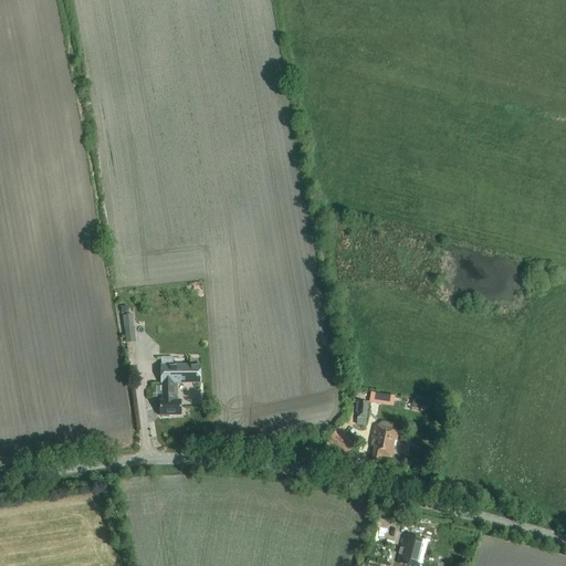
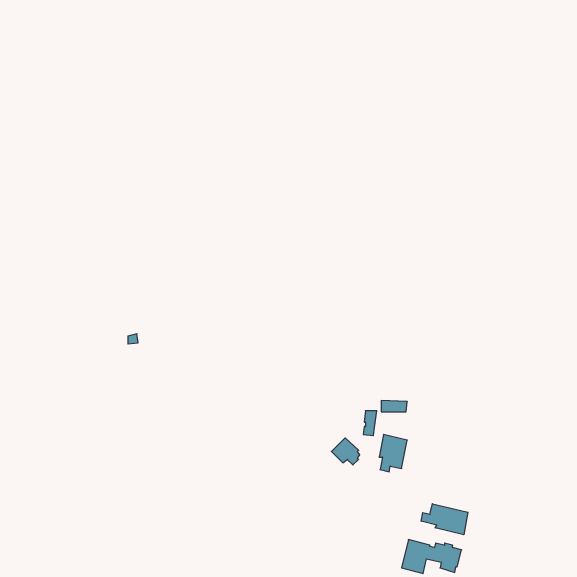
building: [160,356,201,417] -> none
building: none -> [421,504,468,535]

